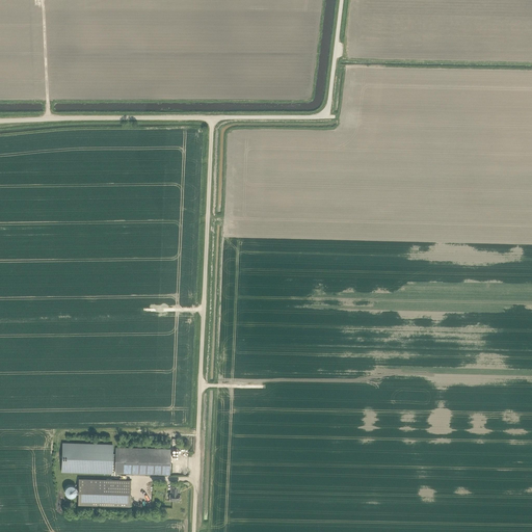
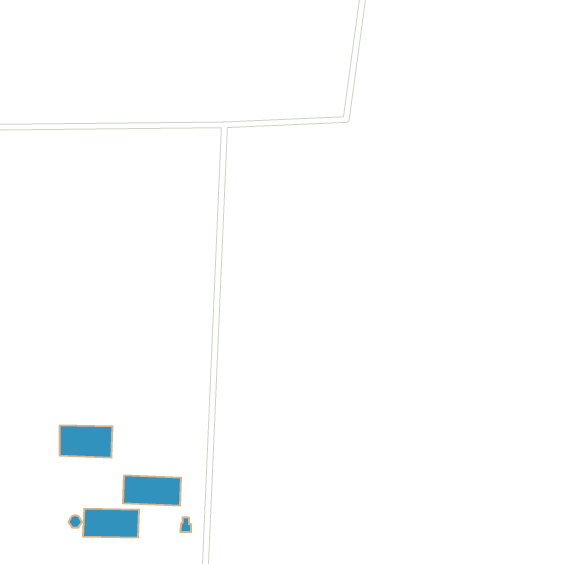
building: [62,443,112,473] -> [60,426,113,458]

